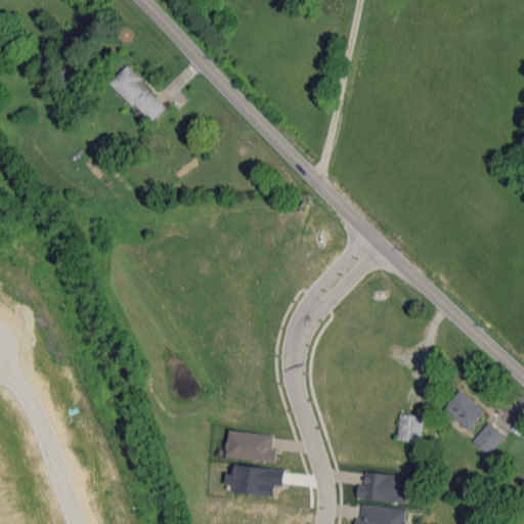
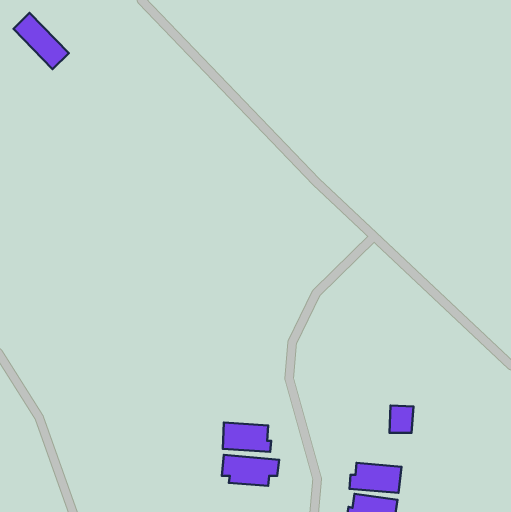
building: [110,67,166,124] -> [13,13,69,69]
building: [443,391,484,430] -> none
building: [472,423,505,456] -> none

